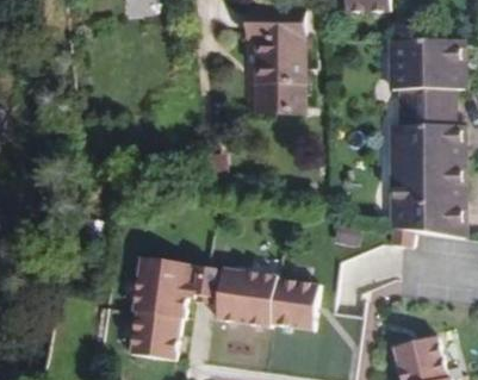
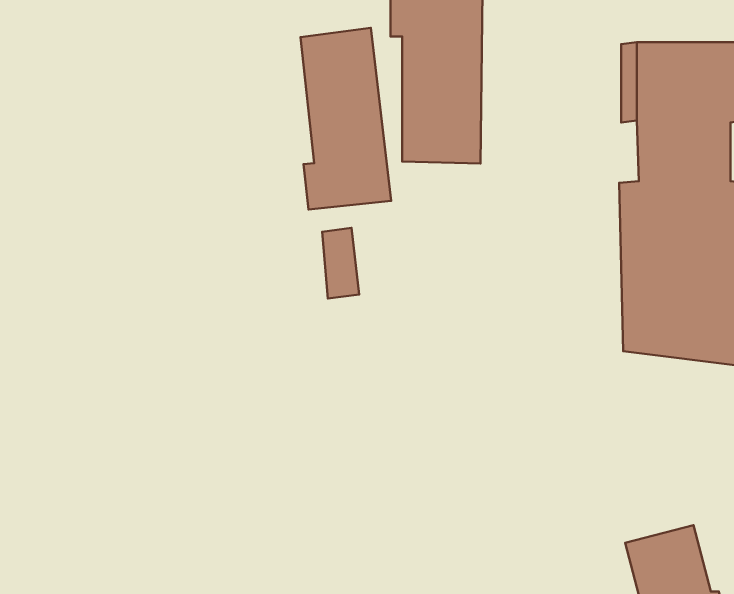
building: none -> [301,28,391,210]
building: [130,256,321,360] -> none

